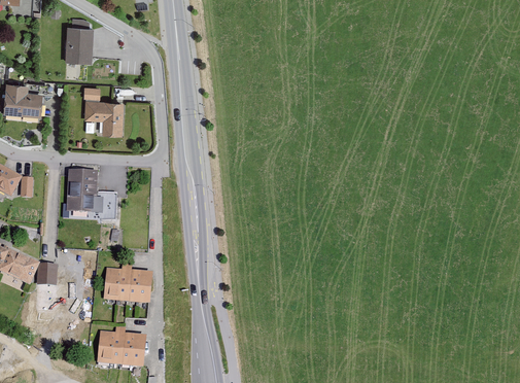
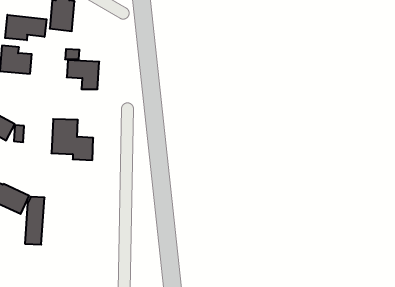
building: none -> [5,15,47,40]
building: [102,264,151,304] -> none
building: [97,326,146,368] -> none

